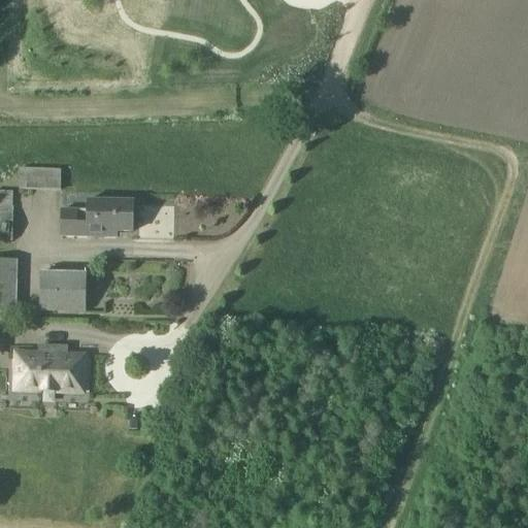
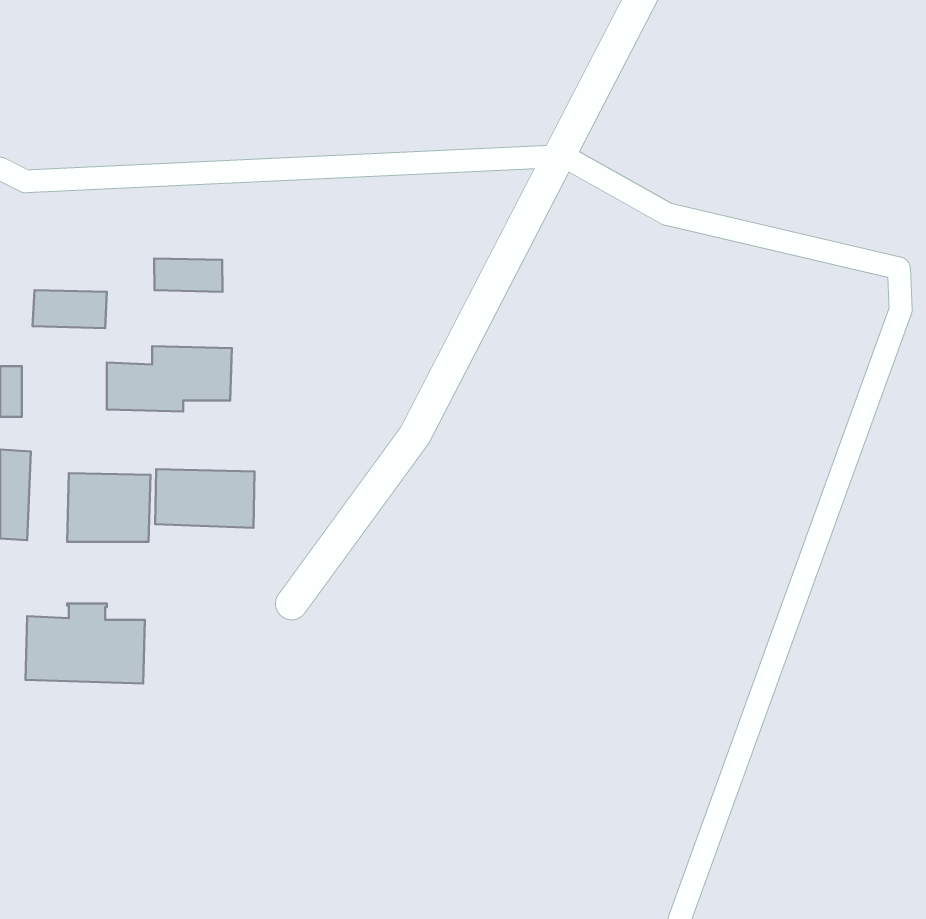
building: none -> [154,258,222,292]
building: none -> [155,469,255,528]

